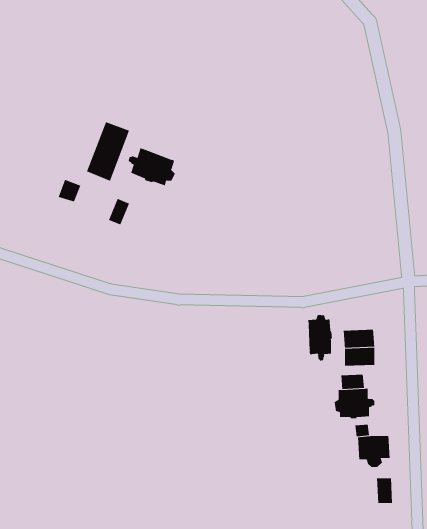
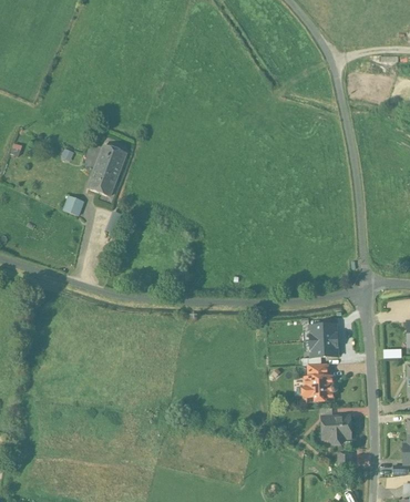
building: [128,147,175,186] -> none
building: [308,314,332,361] -> none

